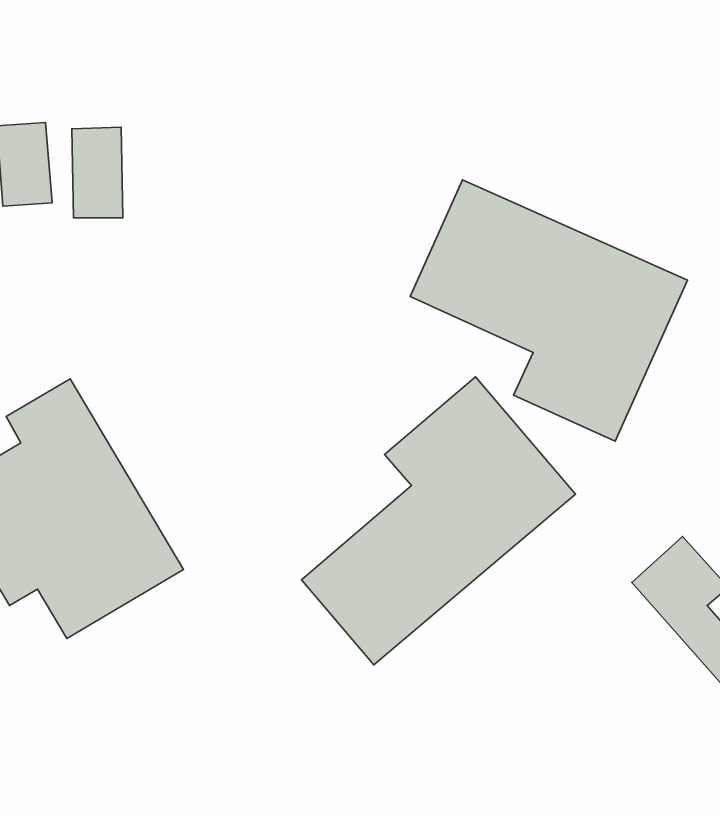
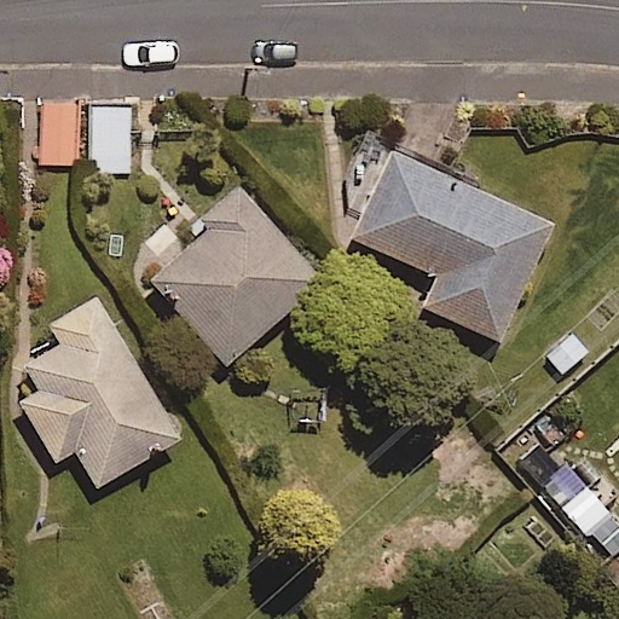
building: none -> [152,186,320,366]
building: [301,377,575,665] -> none

